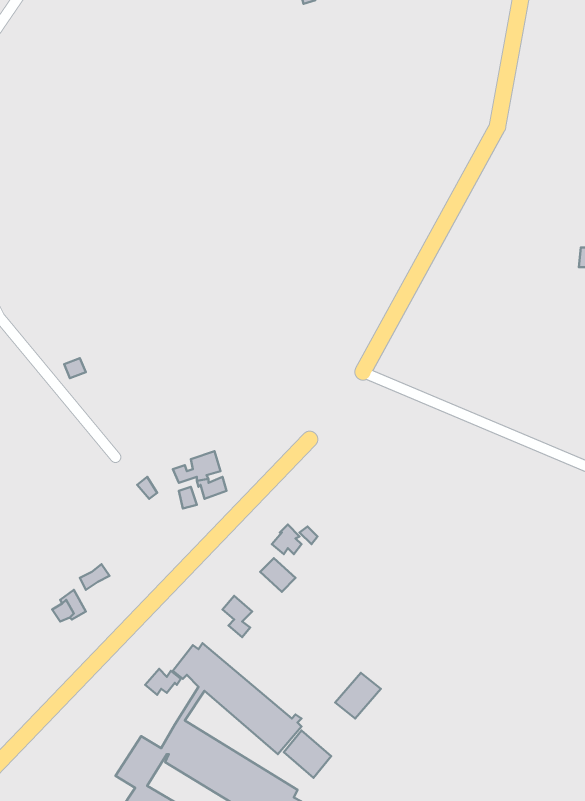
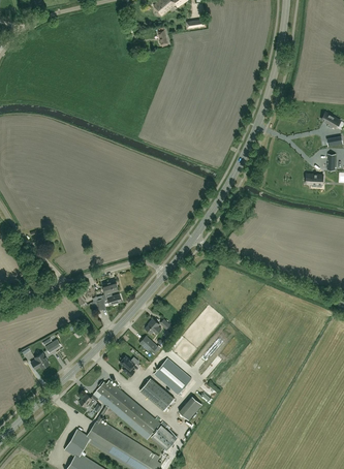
building: none -> [154,358,192,395]
building: none -> [139,378,175,411]

